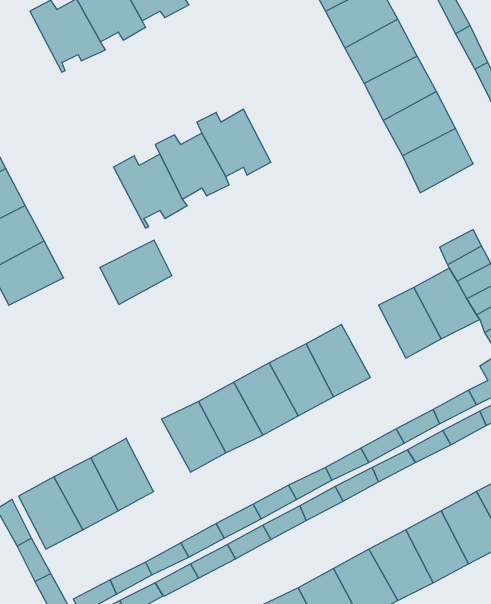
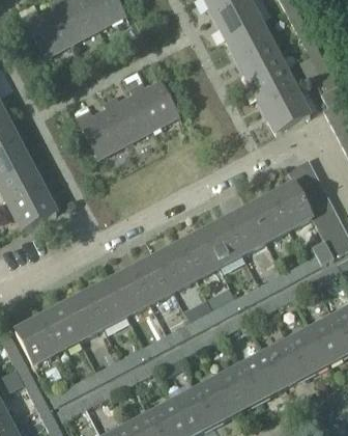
building: [100,240,172,304] -> [9,189,56,230]
building: none -> [224,207,265,253]
building: none -> [85,280,126,327]

